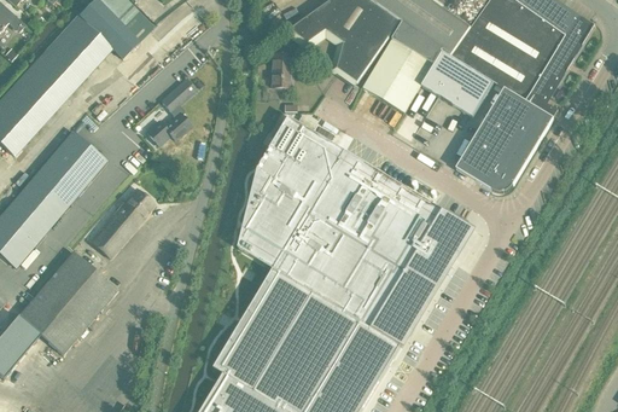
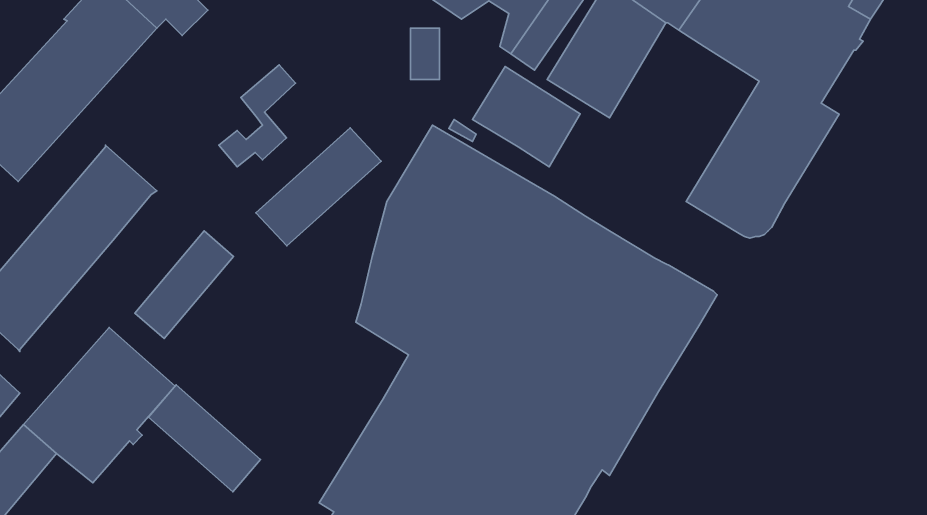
building: [422,51,494,117] -> [472,66,580,167]
building: none -> [256,128,381,246]
building: none -> [148,385,260,492]

